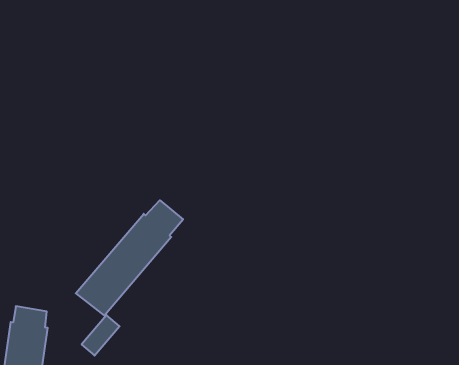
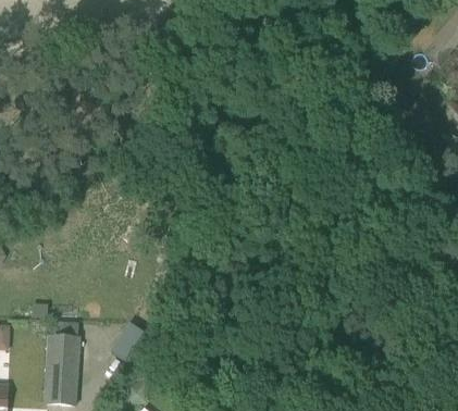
building: [76,200,183,315] -> none

